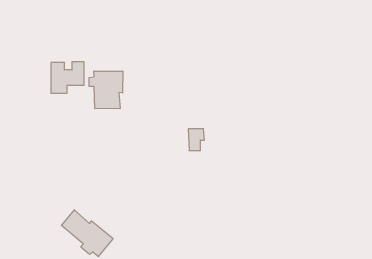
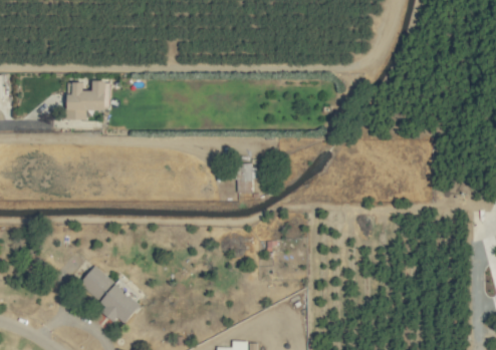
building: [89,71,123,109] -> none

